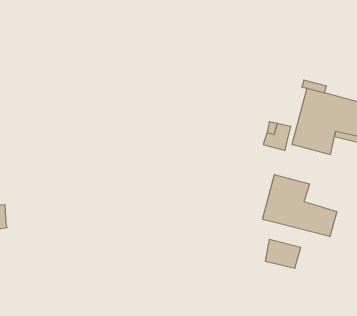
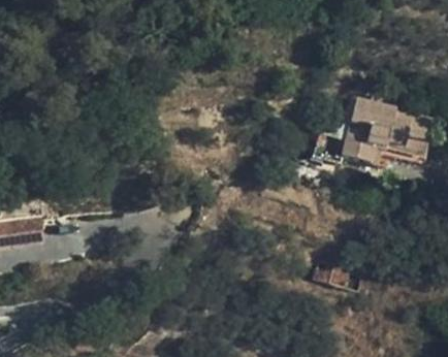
building: [263,174,337,237] -> none

